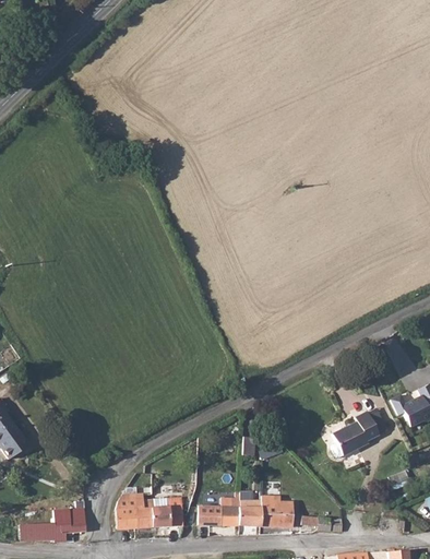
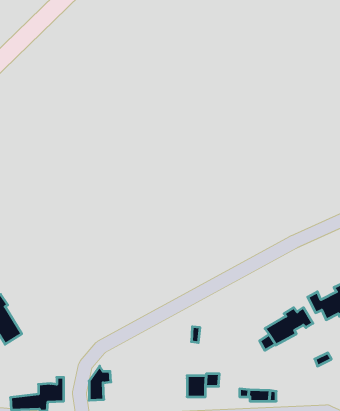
building: [133,492,181,527] -> none
building: [198,496,238,524] -> none
building: [261,499,292,525] -> none

